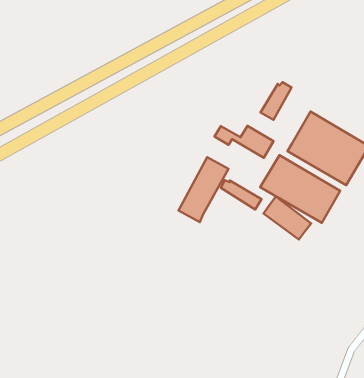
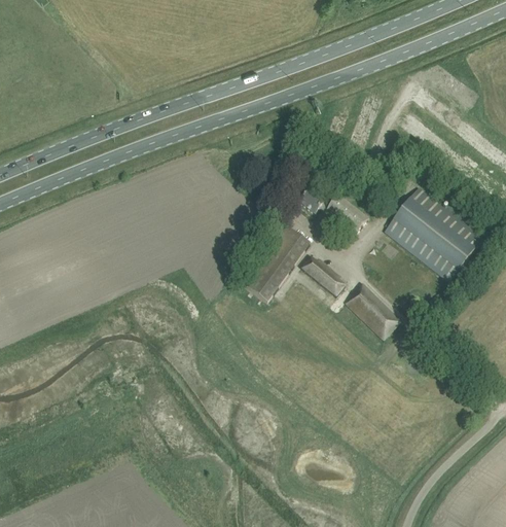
building: [261,82,291,120] -> none
building: [260,155,340,223] -> none

